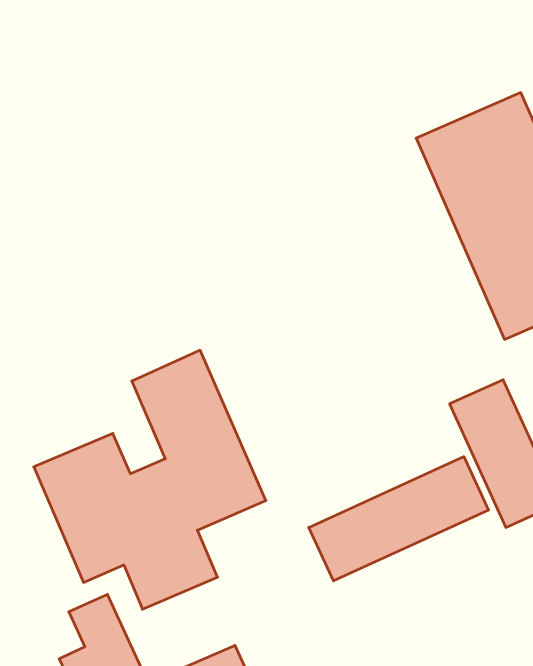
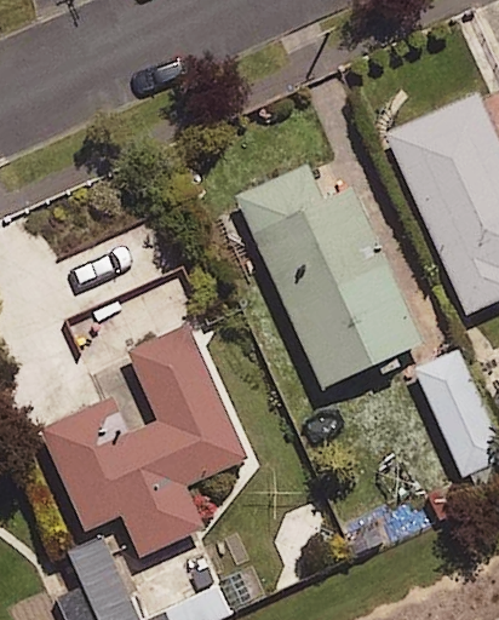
building: none -> [235,162,423,388]
building: [309,457,489,581] -> none

